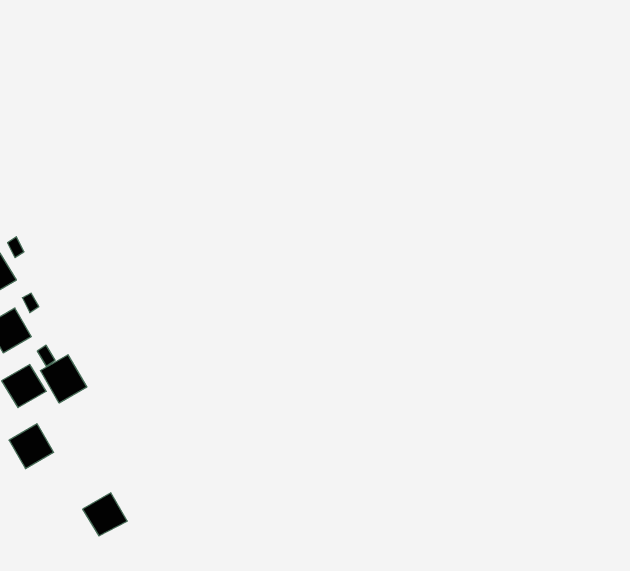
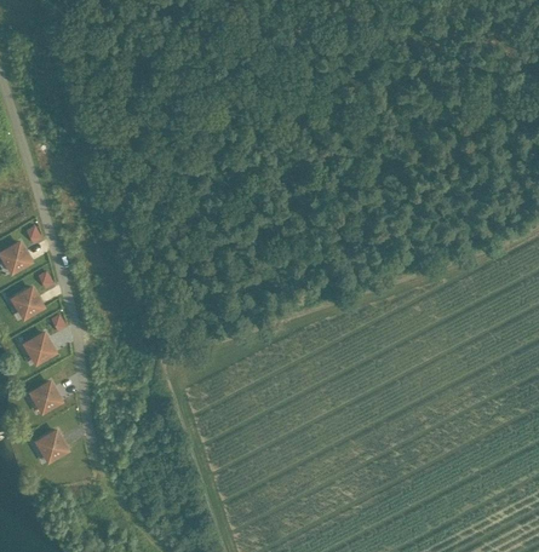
building: [40,355,87,403] -> none
building: [83,493,127,536] -> [33,429,69,464]

